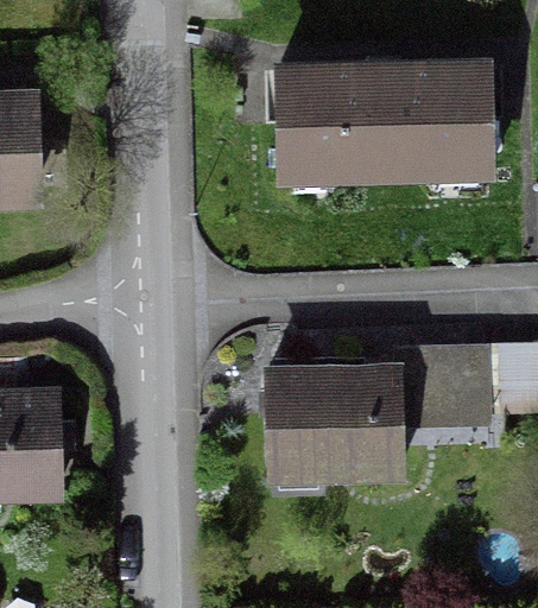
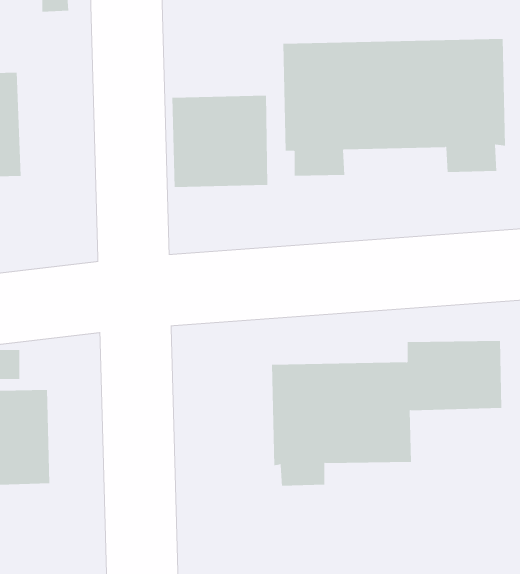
building: none -> [172,95,268,188]

